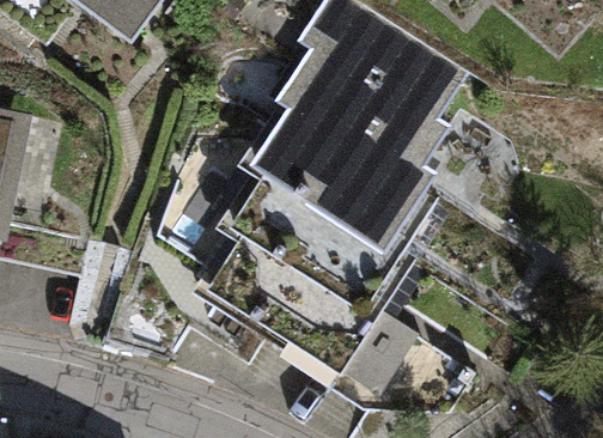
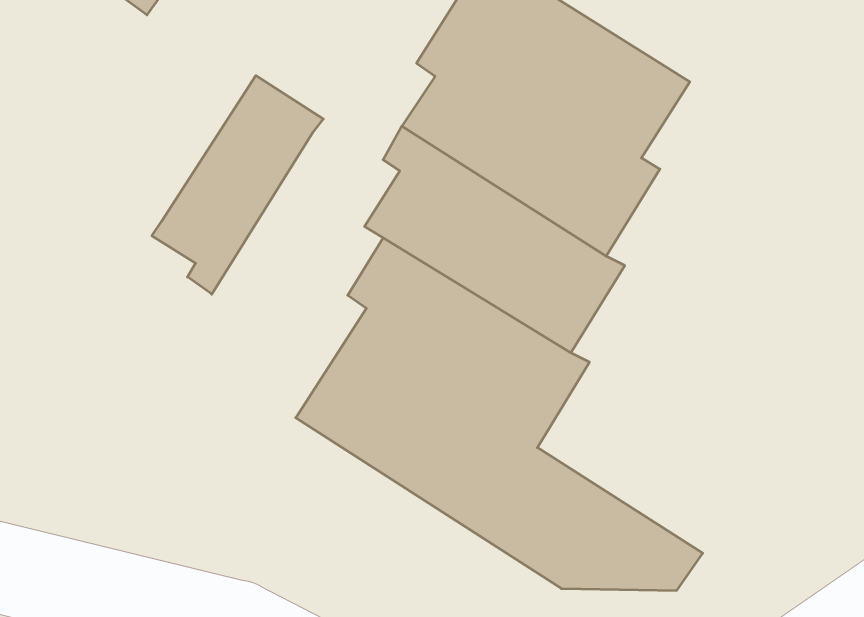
building: none -> [152,76,323,294]

